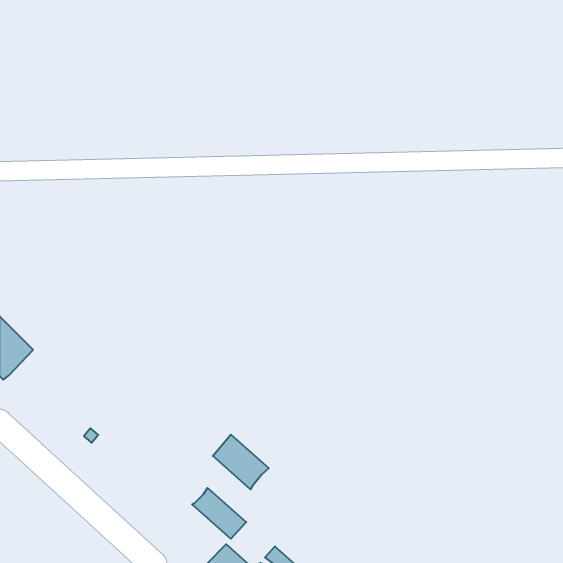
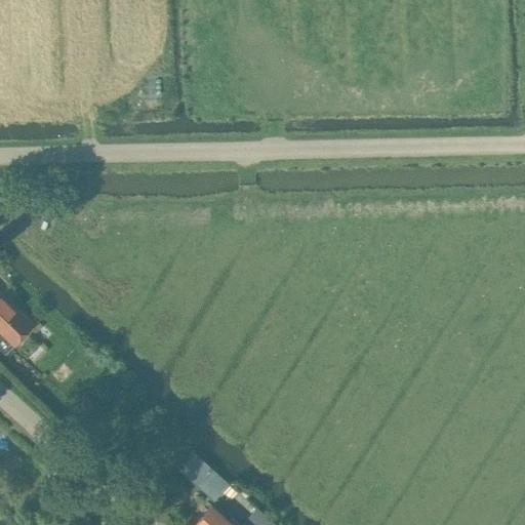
building: [213,435,269,489] -> none

